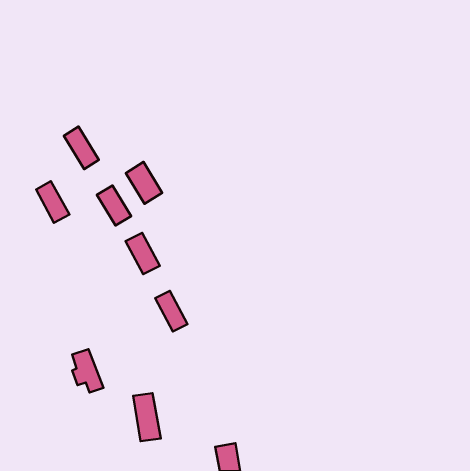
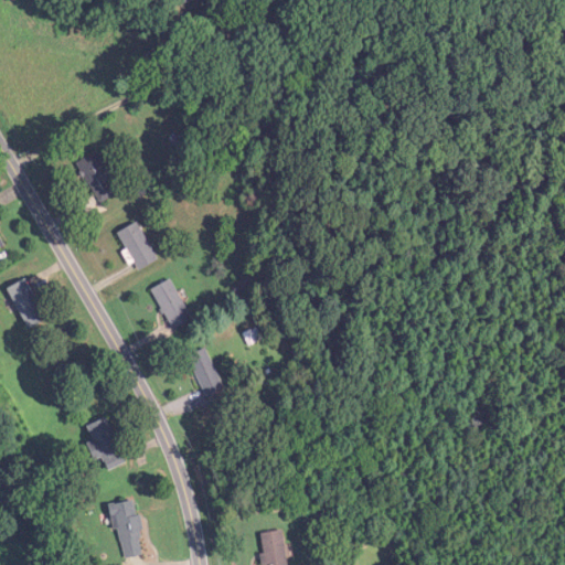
building: [126,162,162,204] -> none
building: [36,181,69,223] -> [7,278,46,328]
building: [133,393,161,441] -> [111,500,145,557]

